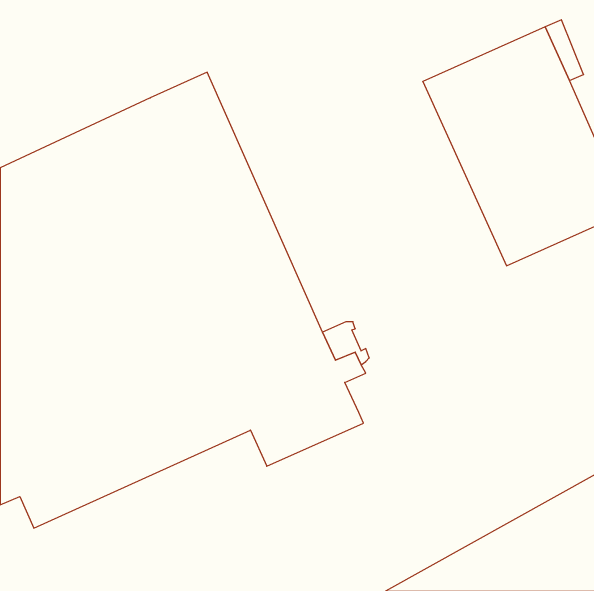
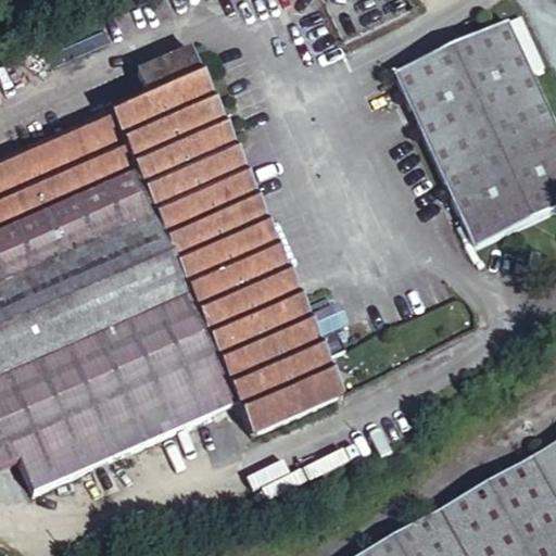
building: none -> [131,47,194,91]

